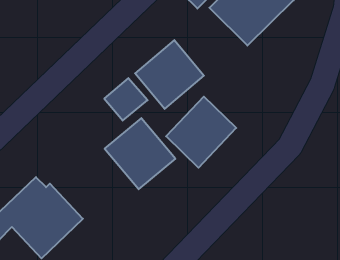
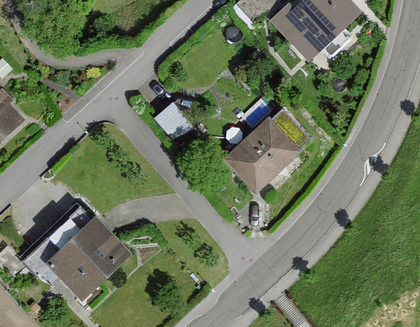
building: [135,40,204,109] -> none
building: [105,118,175,189] -> none

